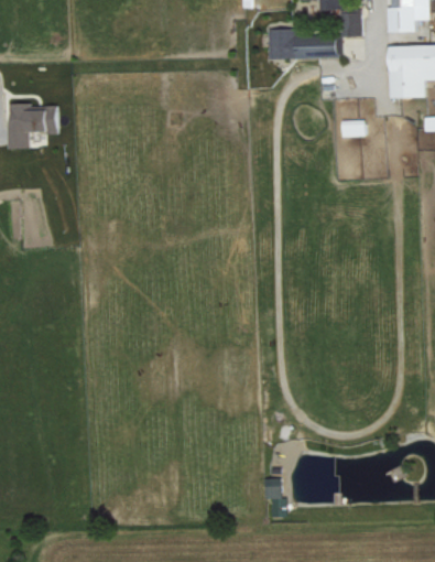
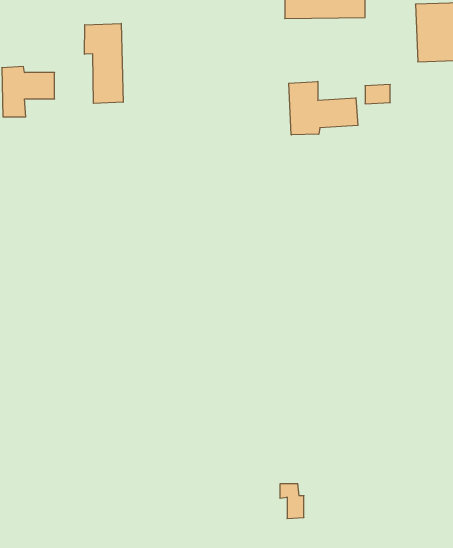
building: none -> [85,23,123,103]
building: none -> [289,81,358,135]

